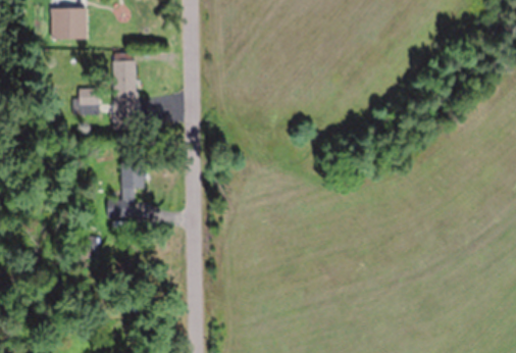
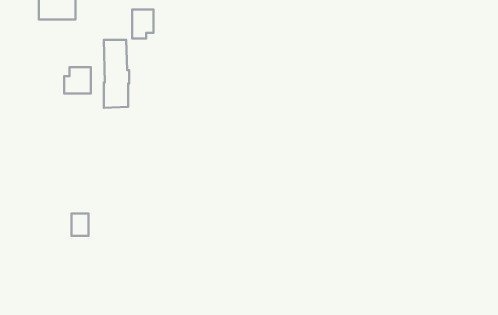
building: none -> [132,10,154,39]
building: [108,162,147,217] -> none

